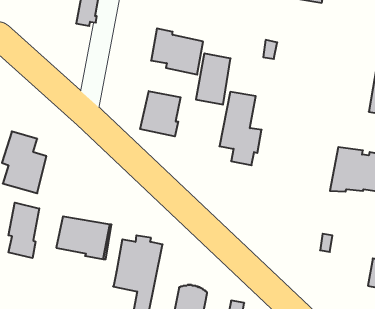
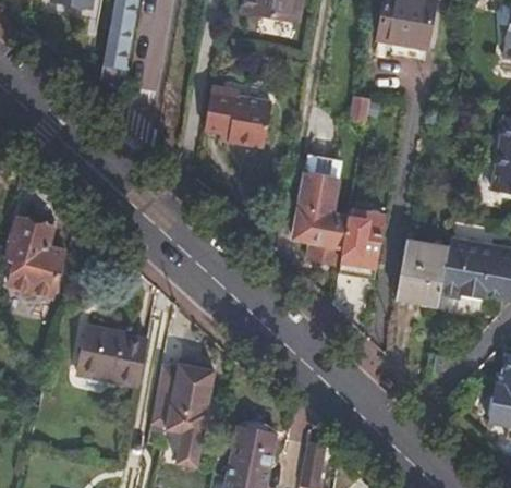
building: [196,53,231,105] -> [338,211,384,279]
building: [140,91,181,136] -> none
building: none -> [398,222,450,300]
building: [8,203,39,258] -> none

